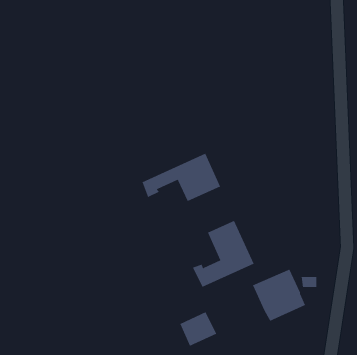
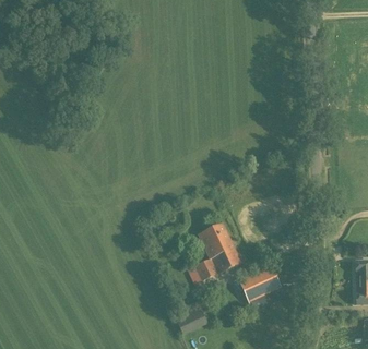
building: [142,153,221,202] -> none

